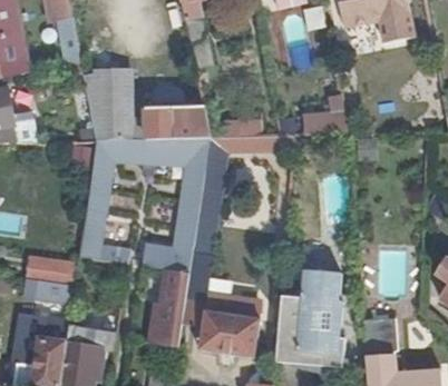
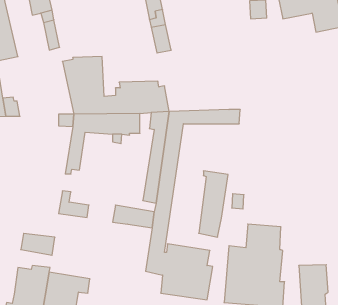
building: [302,95,349,133] -> none
building: [26,255,78,284] -> none
building: [155,268,189,346] -> [199,171,228,237]

